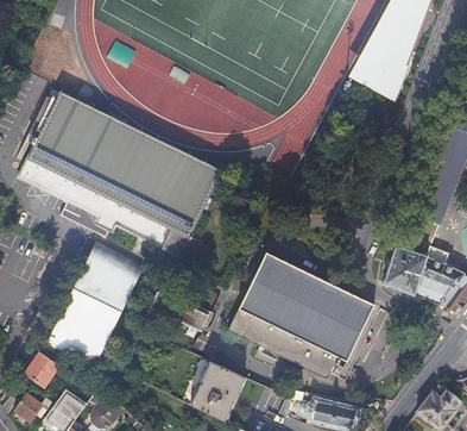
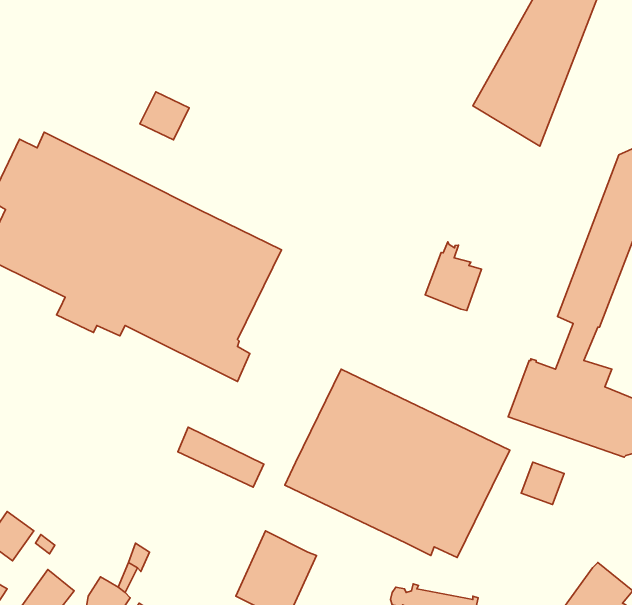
building: none -> [140,92,189,140]
building: none -> [425,242,481,311]
building: [57,245,144,361] -> none
building: none -> [521,462,564,504]

